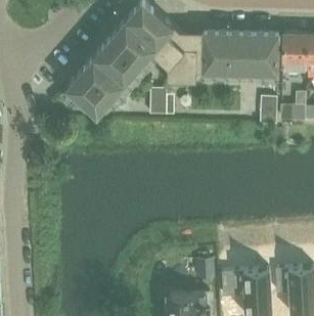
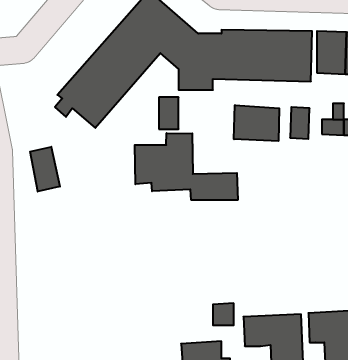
building: none -> [234,105,279,141]
building: none -> [135,133,238,200]
building: none -> [30,147,60,192]

